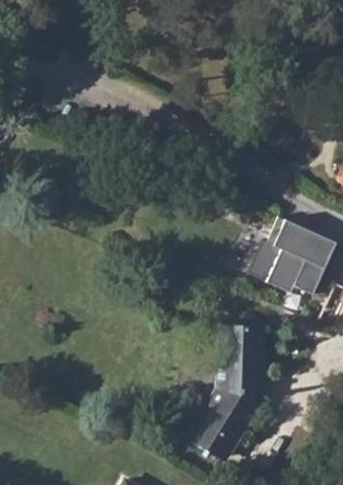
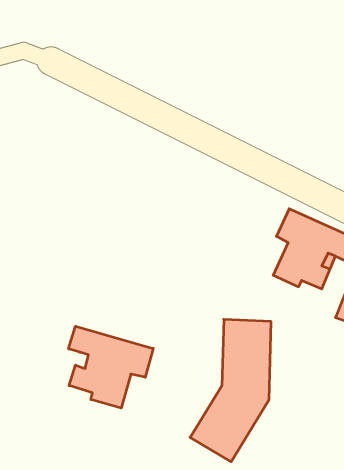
building: none -> [69,326,153,408]

